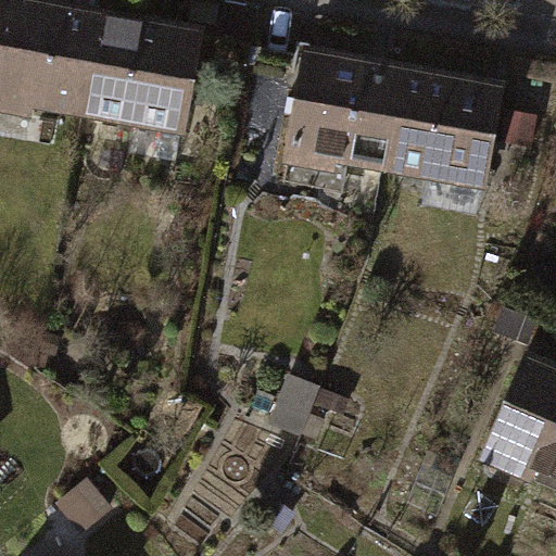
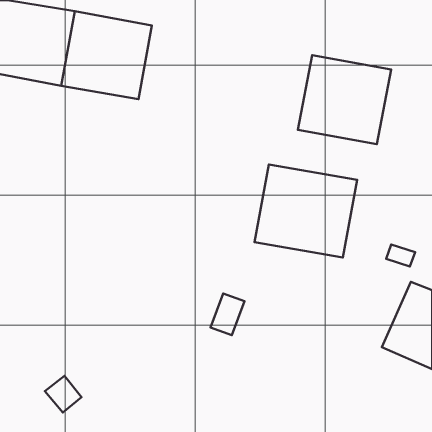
building: [285,54,400,168] -> none
building: none -> [254,165,357,258]

